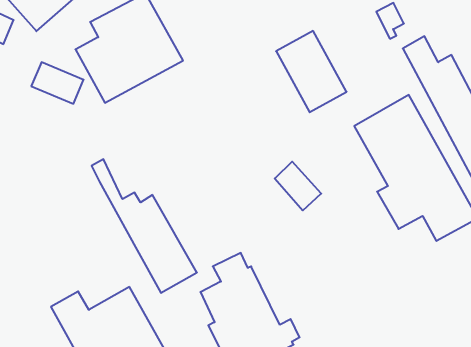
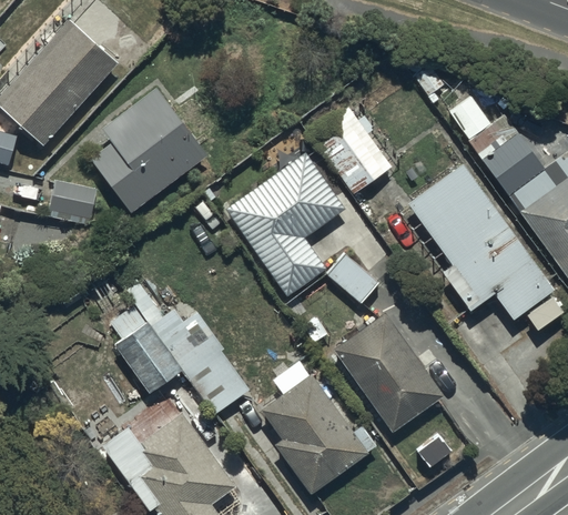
building: none -> [217,152,347,296]
building: none -> [110,302,184,393]
building: none -> [335,313,444,433]

